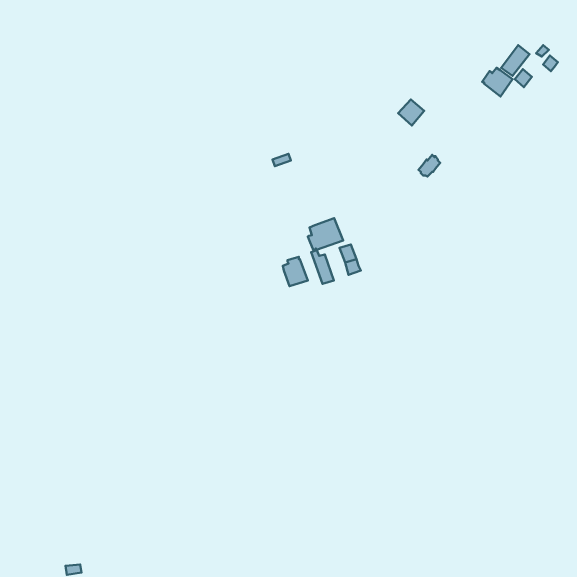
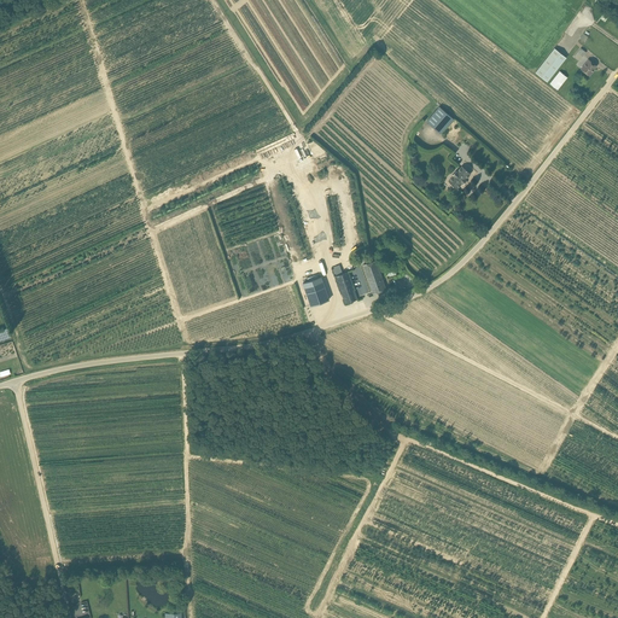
building: [482,68,512,96] -> none
building: [308,218,343,250] -> none

